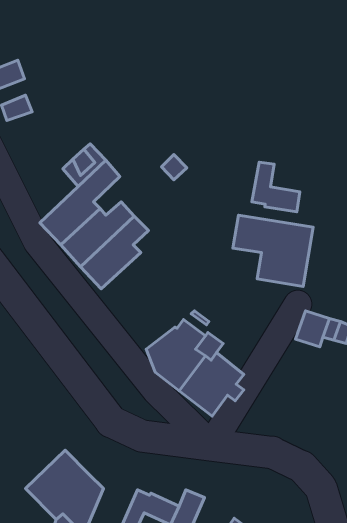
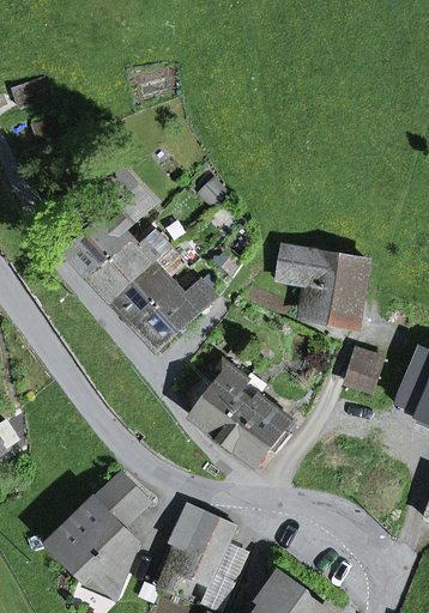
building: [252,162,300,212] -> none
building: none -> [132,280,214,352]
building: none -> [92,477,145,529]
building: none -> [171,509,232,564]

